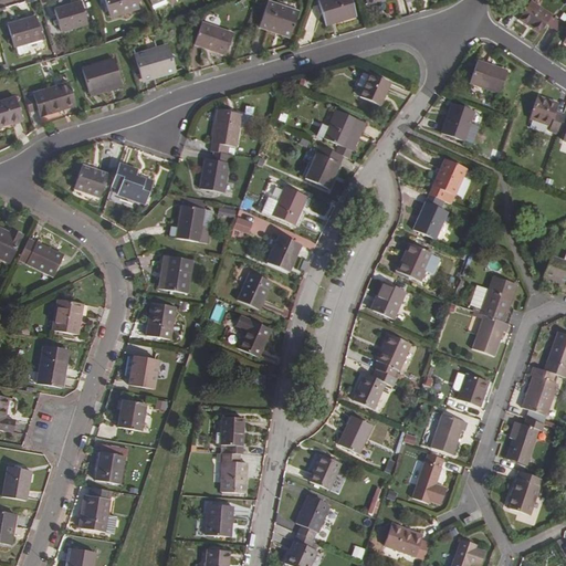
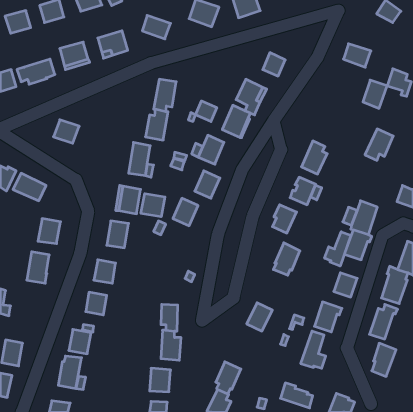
building: [441,102,474,140] -> [363,80,387,108]
building: none -> [196,101,217,122]
building: [428,157,467,200] -> [365,129,393,160]
building: [112,163,153,202] -> none
building: none -> [141,194,165,217]
building: [235,315,271,356] -> none
building: none -> [325,232,351,266]
building: [353,368,396,408] -> none
building: [308,453,340,488] -> none

